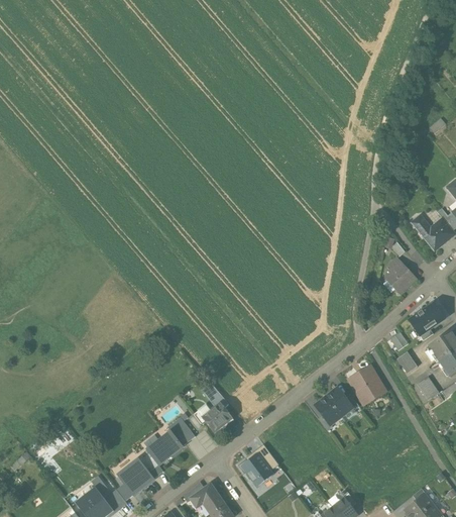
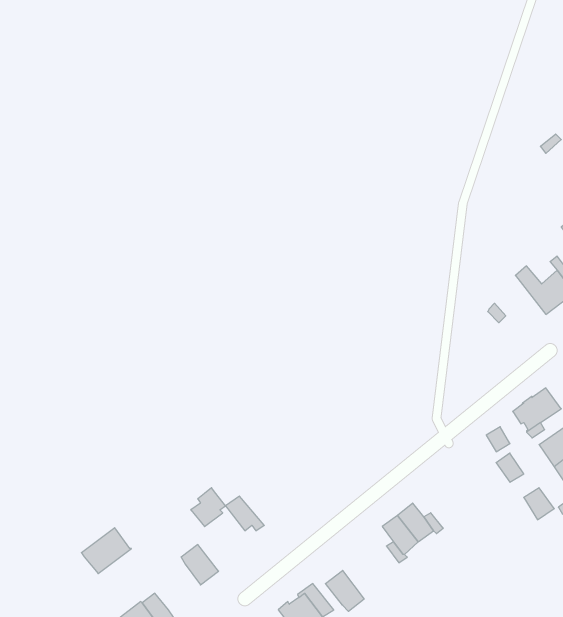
building: [385,257,416,293] -> none
building: [351,370,383,402] -> none
building: [205,404,230,432] -> [191,488,225,527]
building: [147,432,184,466] -> [81,528,131,574]
building: none -> [325,570,364,611]

